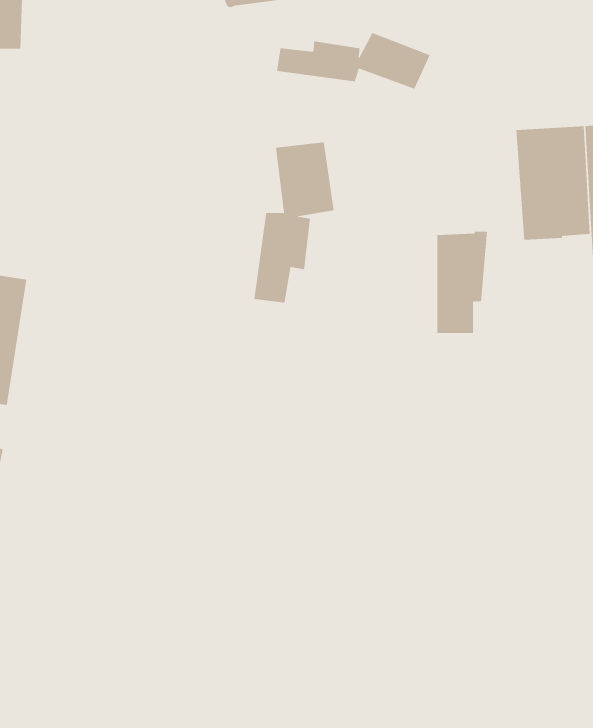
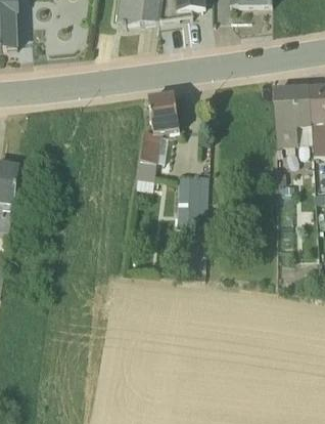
building: [277,32,431,90] -> none
building: [437,231,488,333] -> [178,173,204,226]

